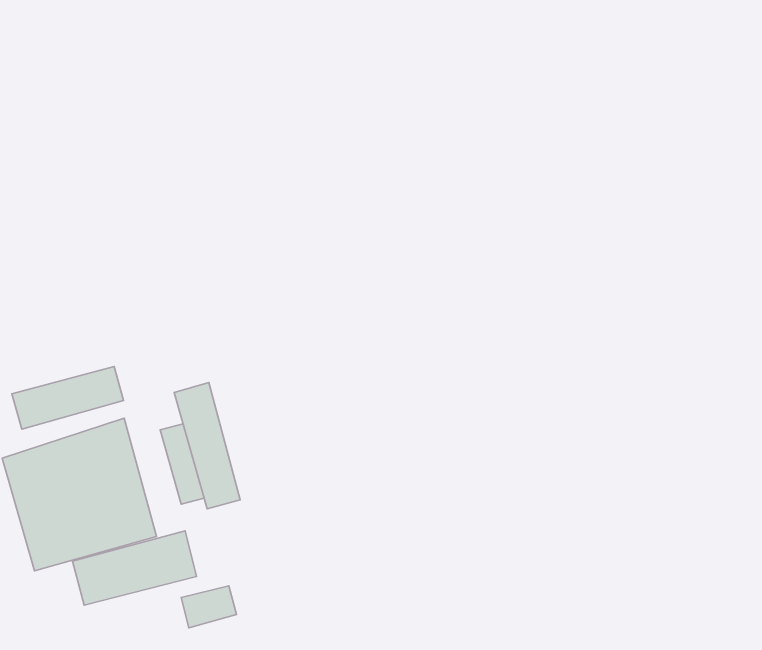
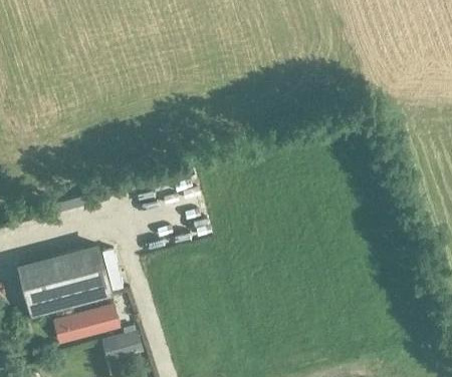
building: [12,367,123,429] -> none
building: [174,382,240,509] -> none

